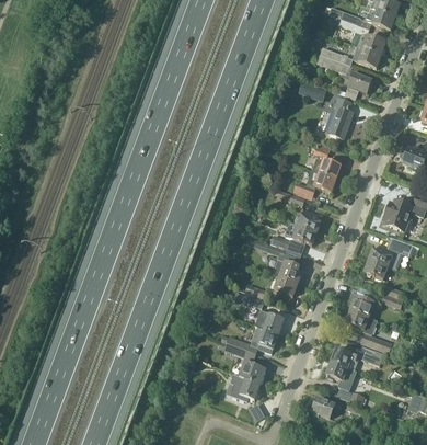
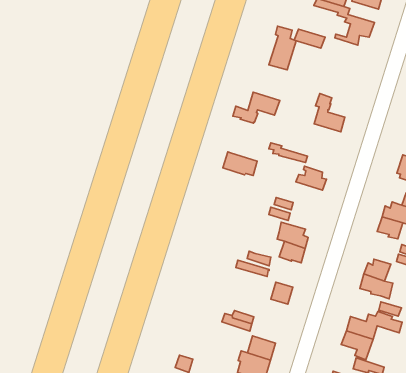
building: [327,96,354,137] -> [269,26,296,70]
building: [292,169,336,197] -> [233,92,280,123]
building: [285,220,316,243] -> [223,152,257,176]
building: [251,326,279,352] -> none

